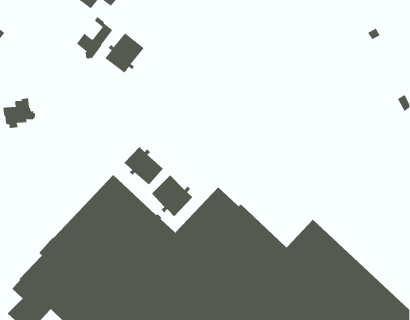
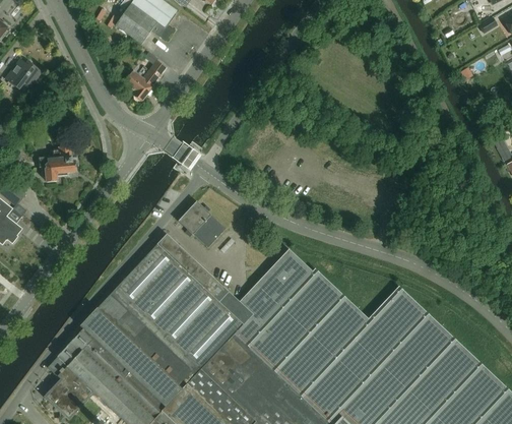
building: [104,33,144,74] -> none
building: [151,175,193,217] -> none

